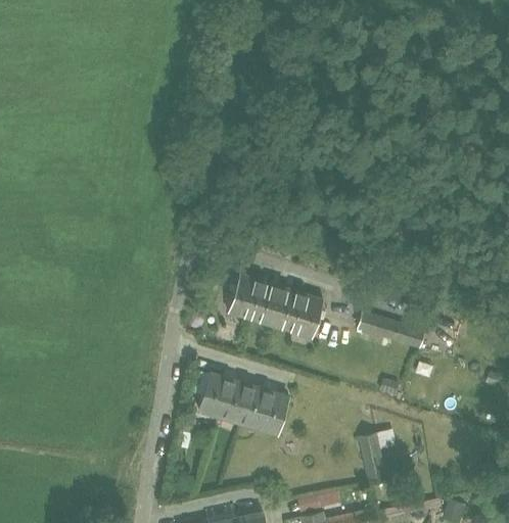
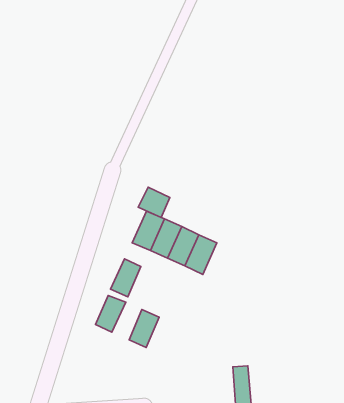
building: none -> [138,187,170,217]
building: [356,313,424,348] -> none
building: [218,380,248,422] -> [111,259,141,297]
building: [259,392,288,434] -> none

